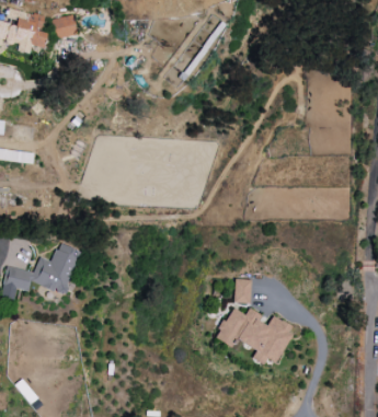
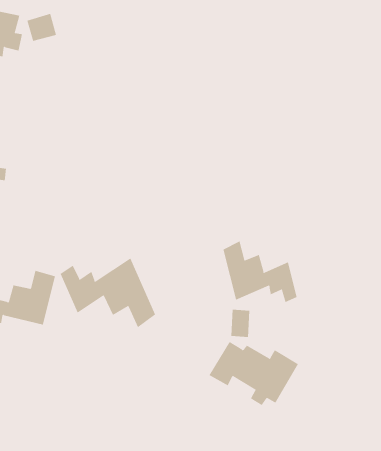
building: none -> [223,241,297,303]
building: none -> [60,258,156,328]

